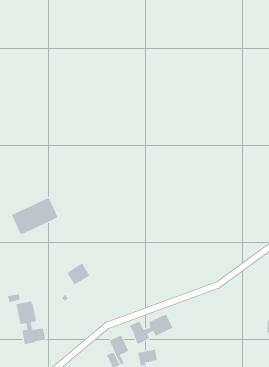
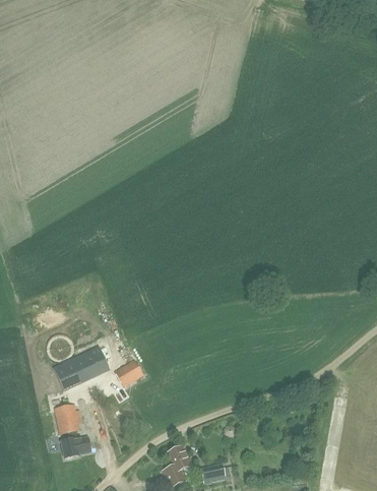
building: [11,197,59,235] -> [53,346,110,391]
building: [129,314,173,345] -> none

